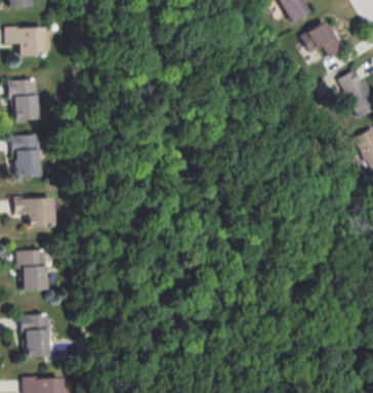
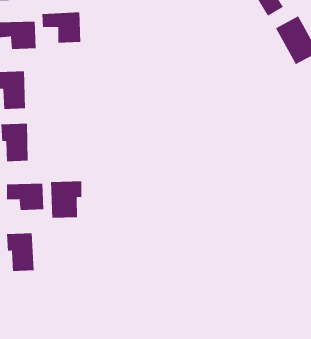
building: none -> [42,12,81,43]
building: none -> [50,181,82,218]
building: [19,315,48,355] -> none

